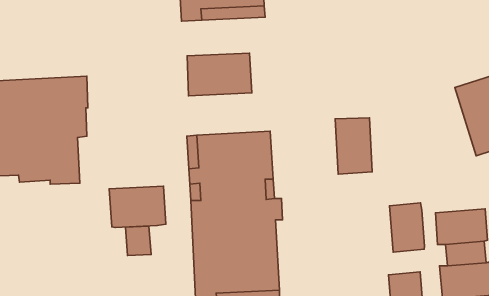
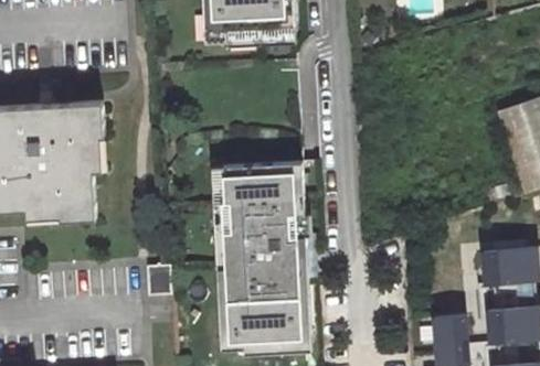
building: [187,53,252,96] -> none
building: [335,118,372,174] -> none
building: [109,186,166,228] -> none
building: [390,203,425,252] -> none

